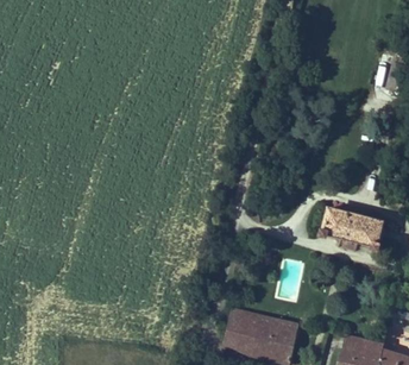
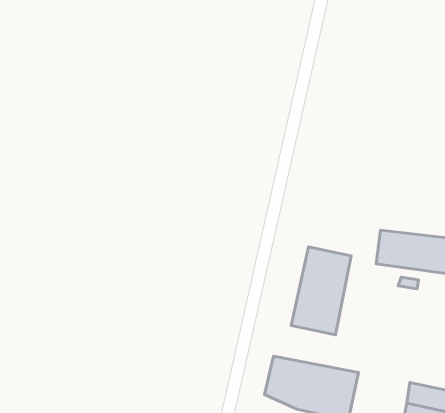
building: none -> [291,247,351,335]

